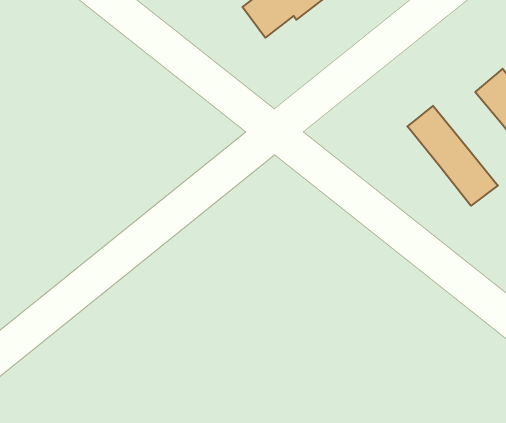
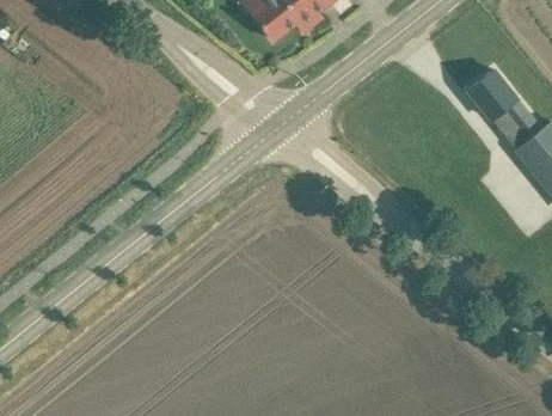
building: [407,106,498,206] -> none

